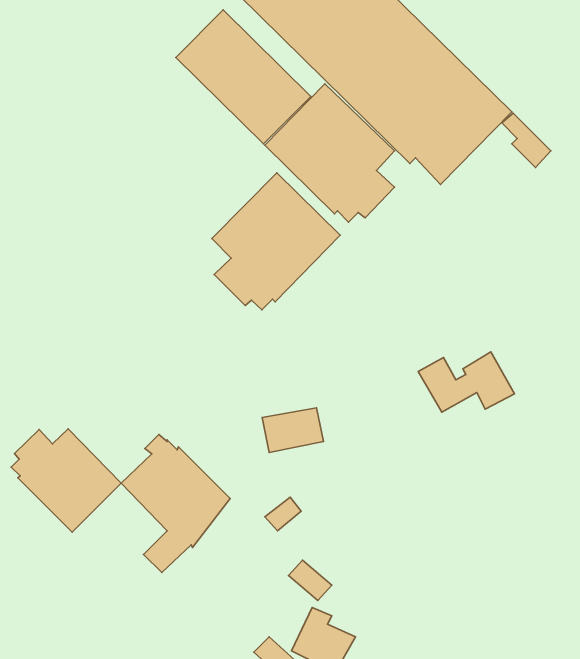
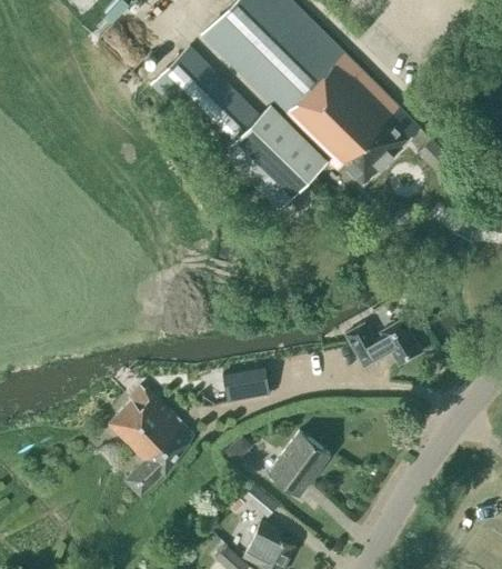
building: [212,173,340,310] -> none
building: [11,429,121,532] -> none
building: none -> [269,431,330,495]

